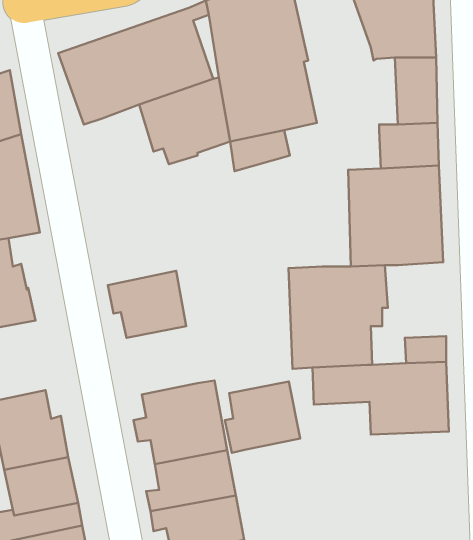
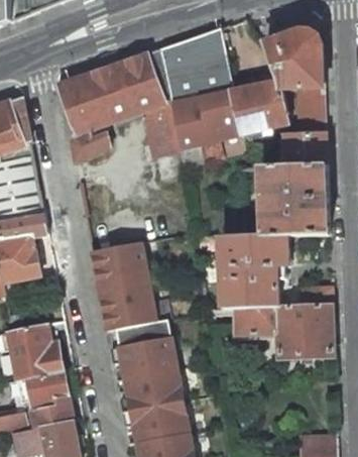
building: none -> [230,80,289,133]
building: none -> [71,130,109,161]
building: [225,382,300,453] -> [101,277,154,328]

